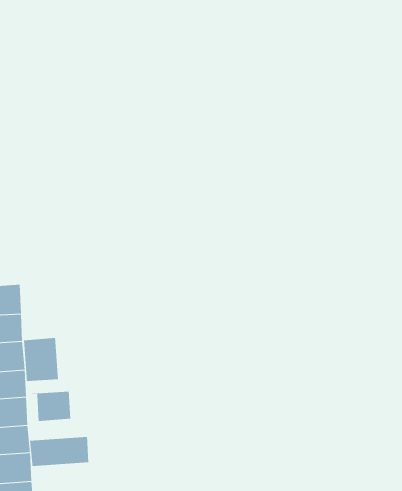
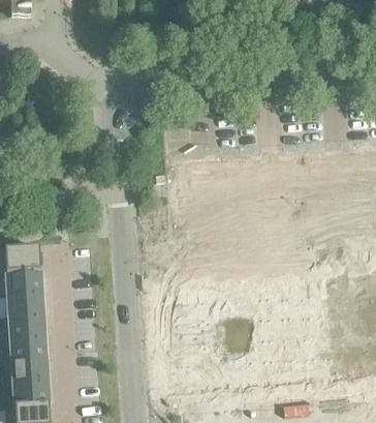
building: [24,337,58,382] -> none
building: [27,391,71,422] -> none
building: [30,436,89,467] -> none

